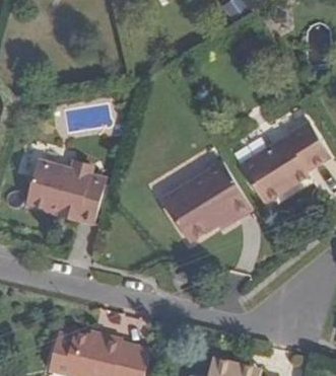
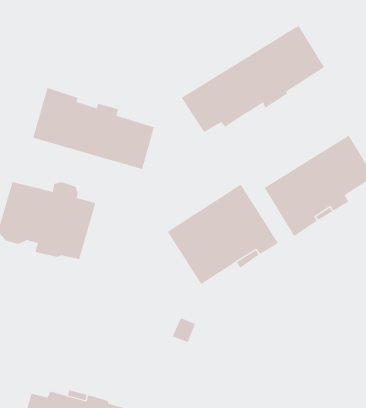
building: none -> [181,25,325,133]
building: none -> [33,87,155,170]

